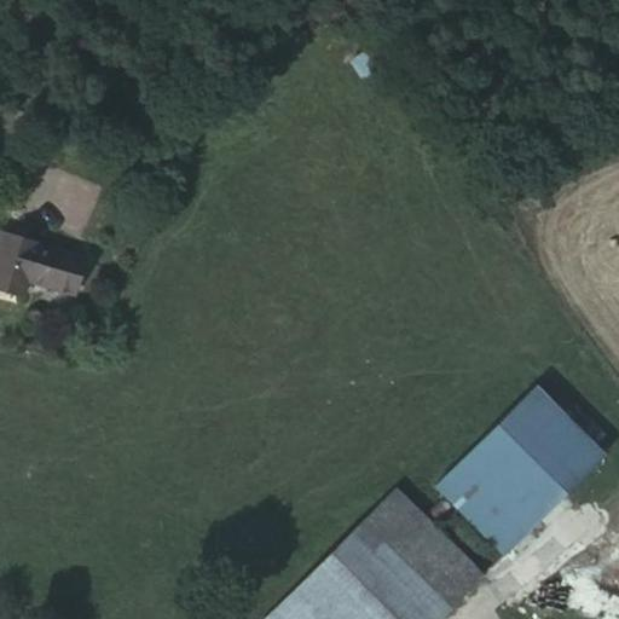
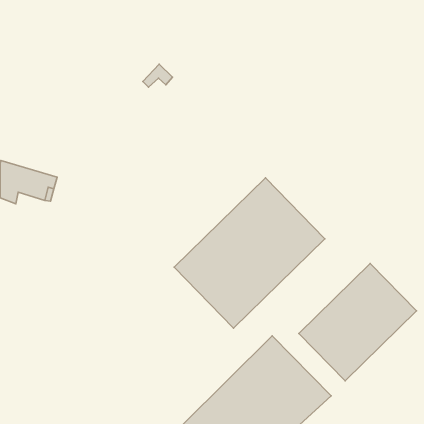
building: none -> [174,178,325,328]

